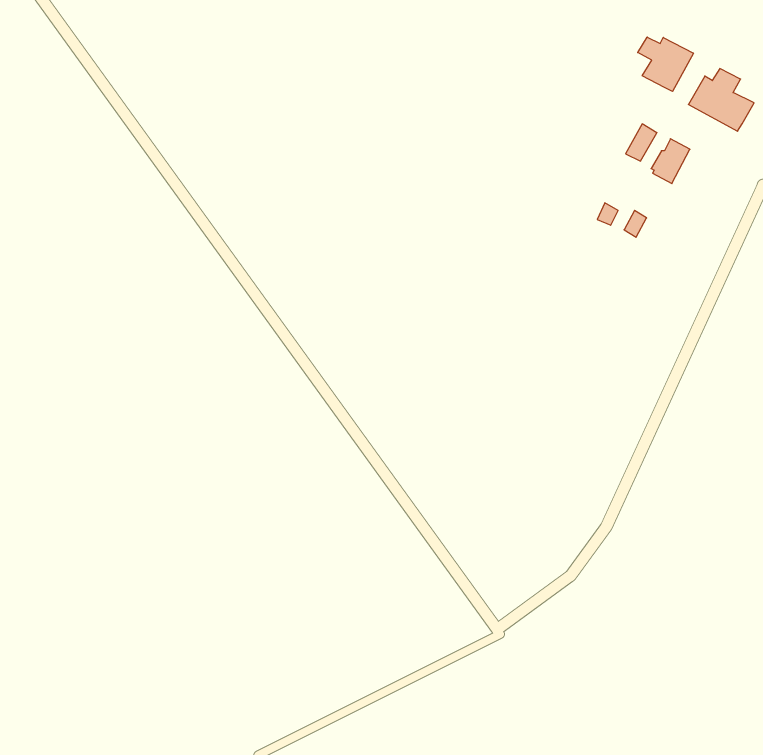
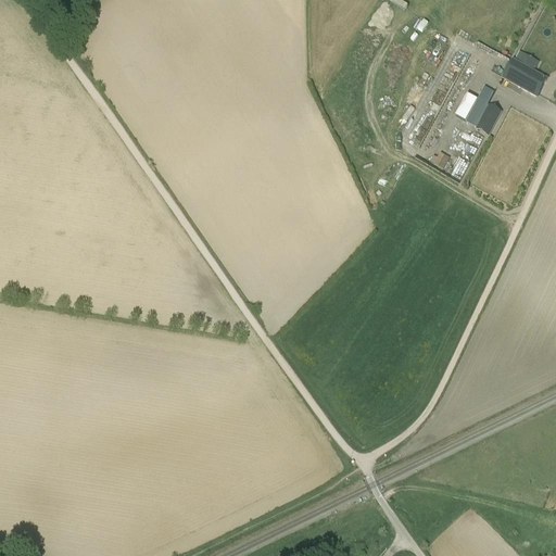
building: [638,37,693,91] -> none

